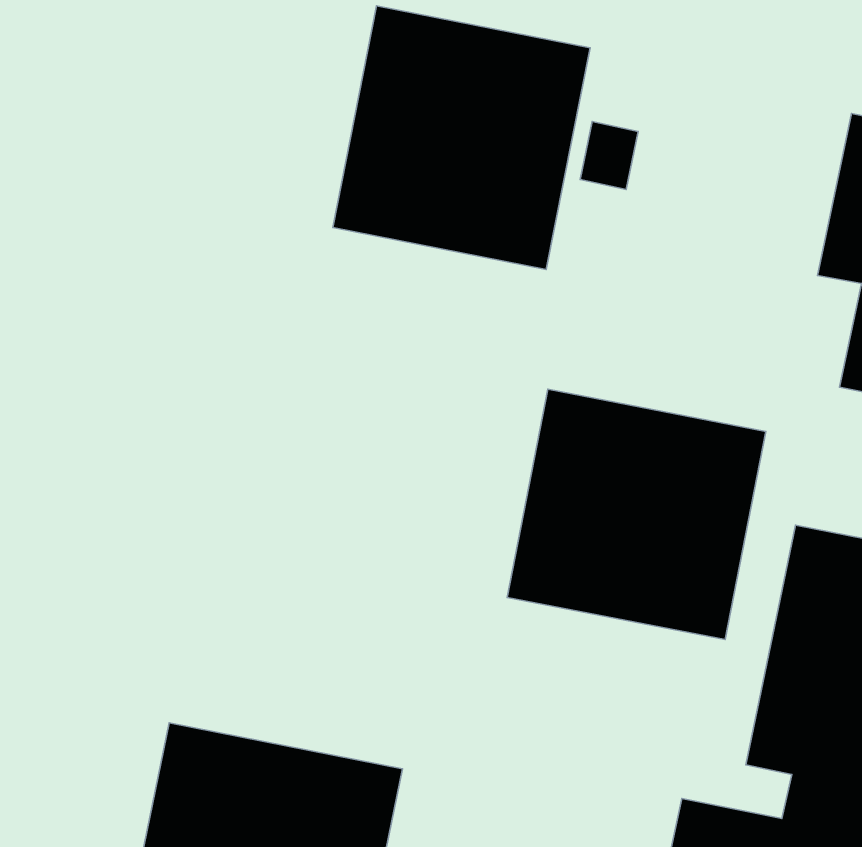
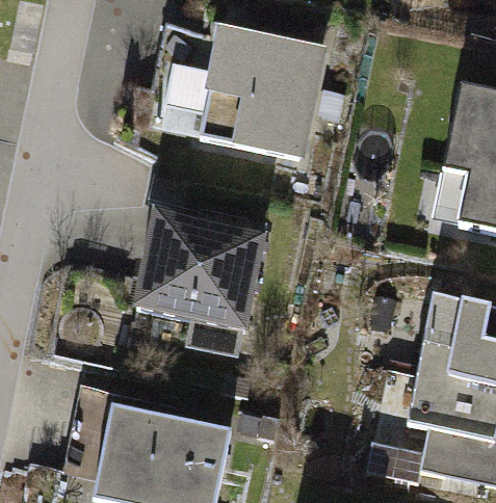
building: none -> [130,204,270,361]
building: [507,389,766,640] -> none

